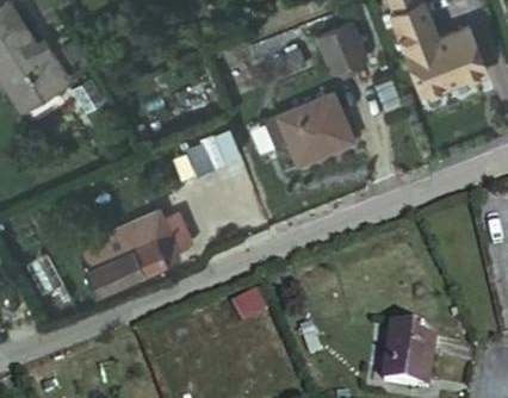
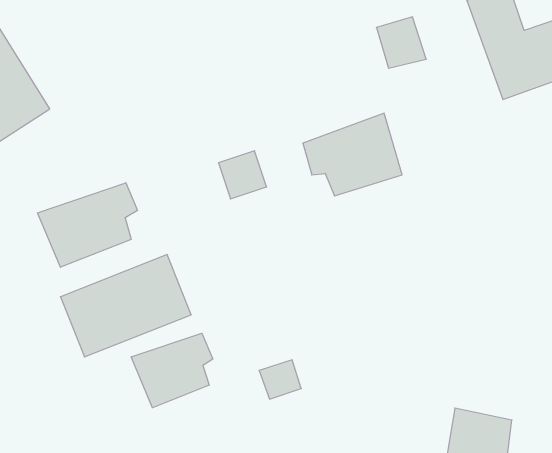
building: none -> [38,183,138,267]
building: none -> [131,333,213,408]

